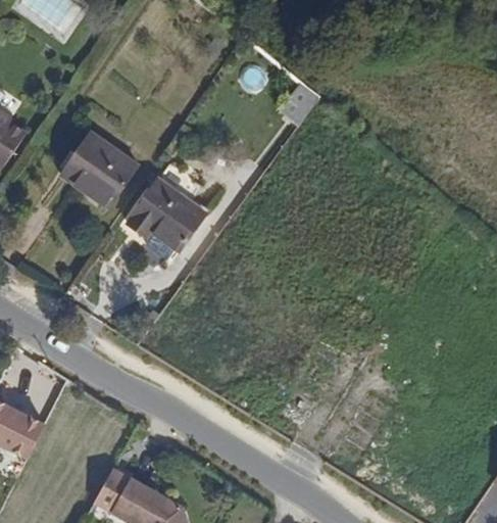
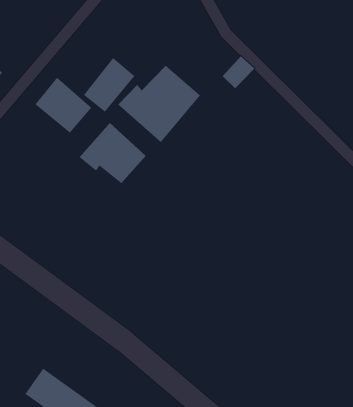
building: none -> [83,57,135,112]
building: none -> [117,65,201,143]

